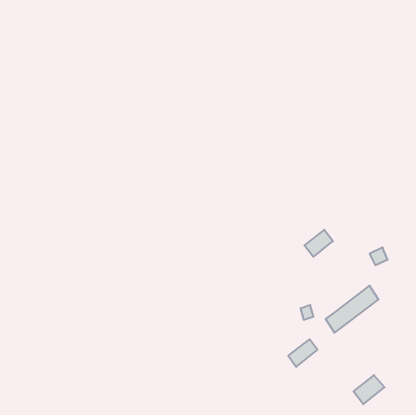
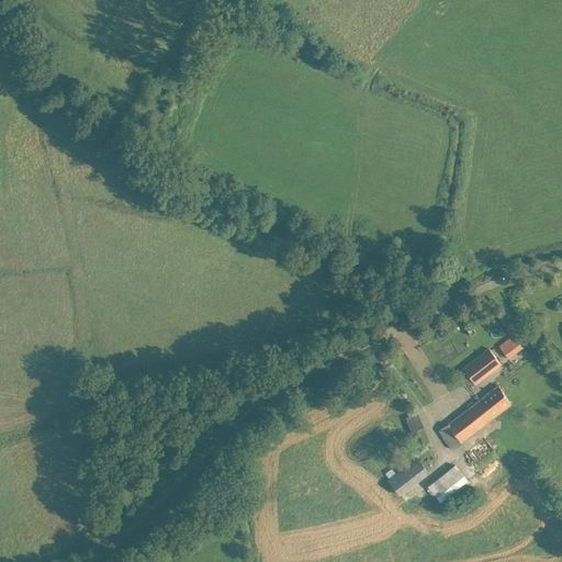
building: [304,230,333,257] -> [462,349,501,385]
building: [354,375,385,404] -> [427,464,469,504]

